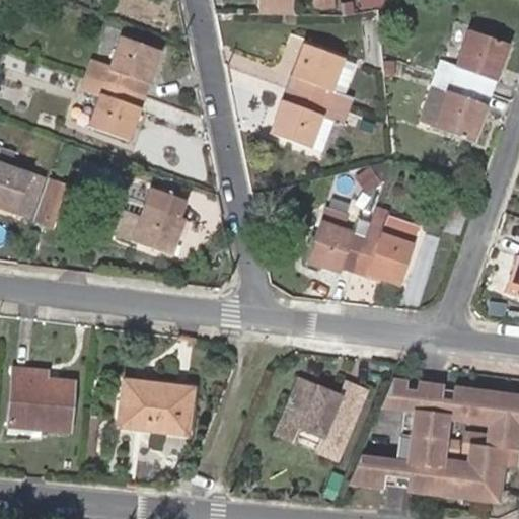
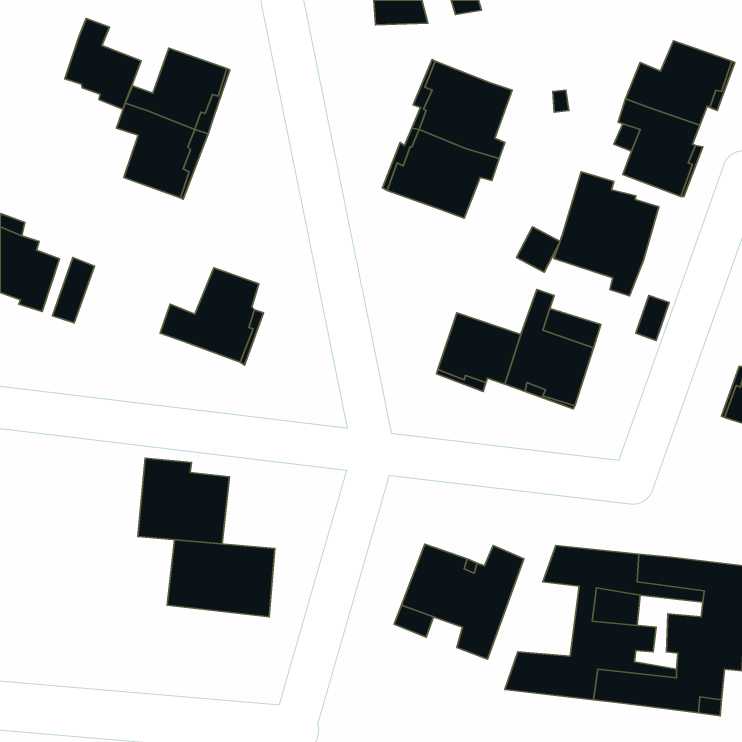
building: none -> [65,18,141,109]
building: none -> [554,172,659,296]
building: [10,367,74,427] -> [138,458,229,544]

